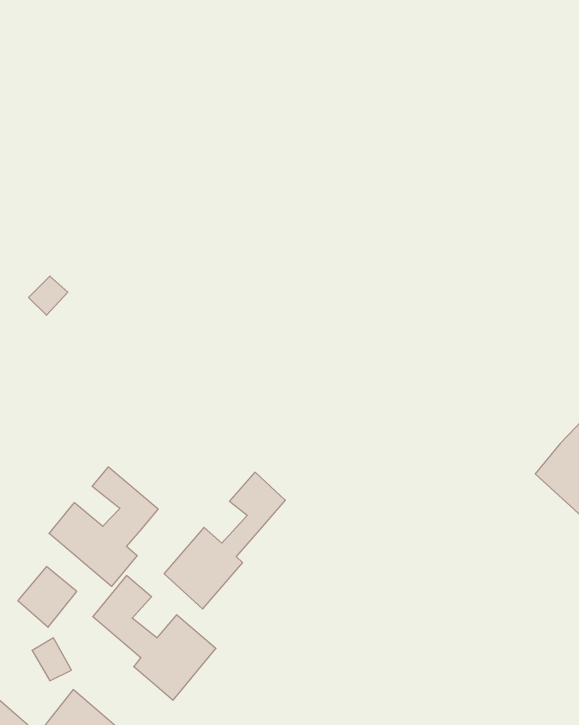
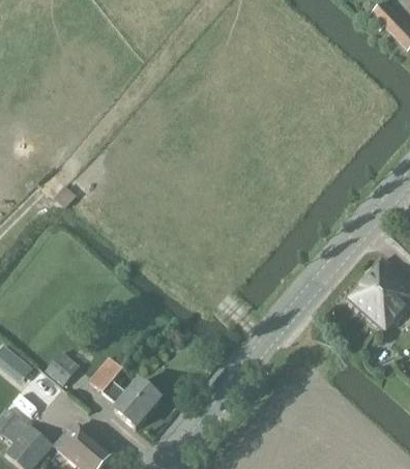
building: [49,467,158,586] -> none
building: [164,472,285,609] -> none

